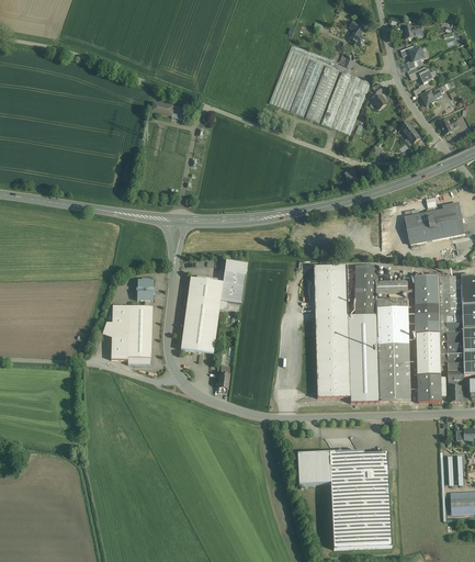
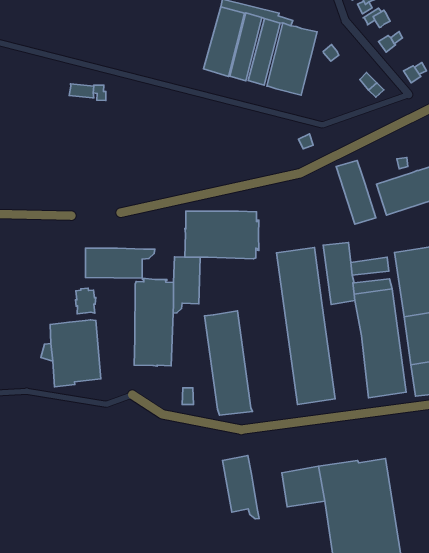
building: none -> [336,161,376,224]
building: none -> [185,211,259,259]
building: none -> [85,248,155,278]
building: [348,314,380,402] -> [205,311,253,415]
building: none -> [222,456,259,519]

